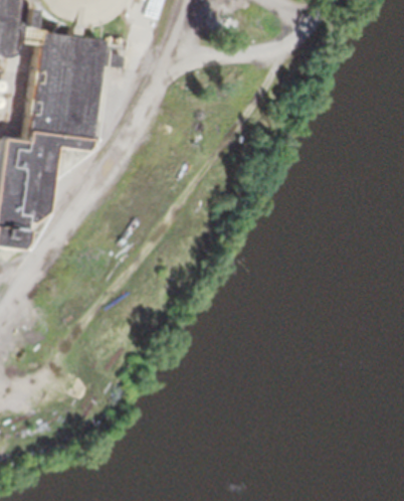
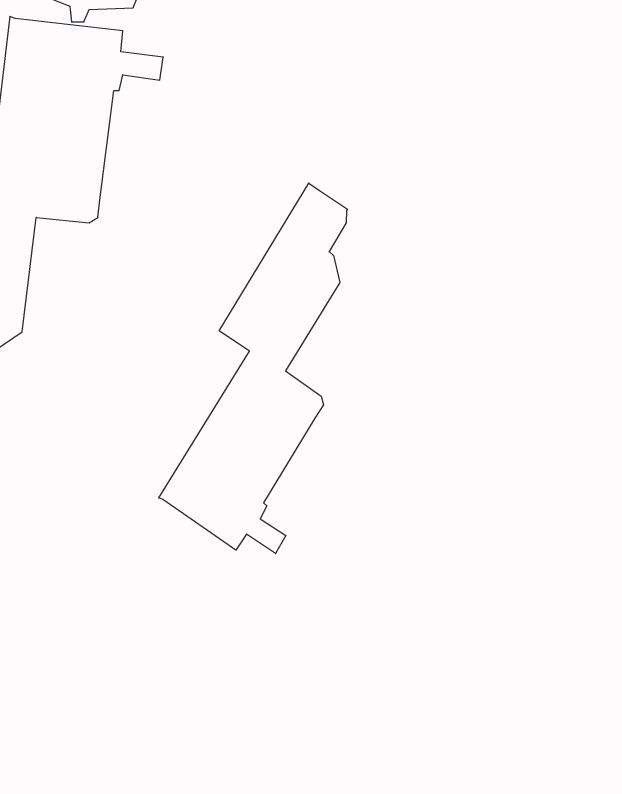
building: none -> [159,183,347,554]

